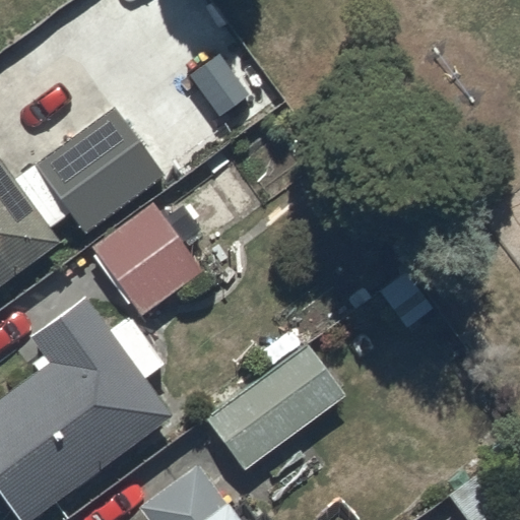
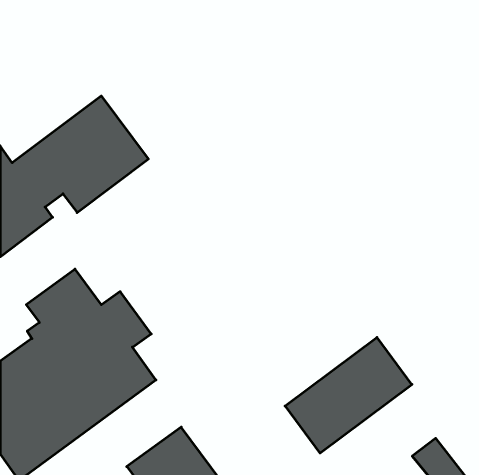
building: [89,201,203,317] -> none
building: [207,347,344,472] -> [285,337,412,453]

